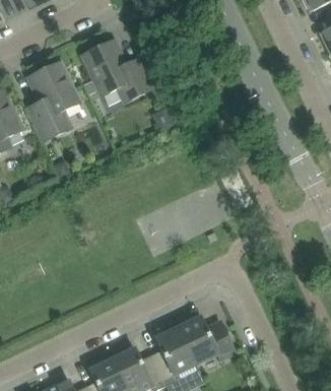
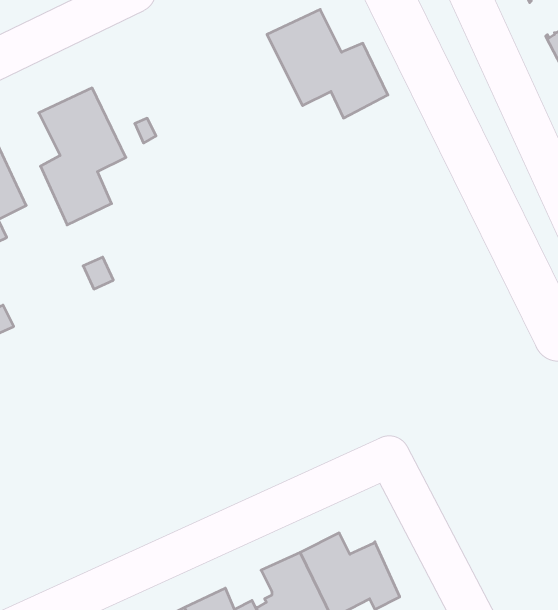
building: [82,40,151,102] -> [267,9,388,118]

